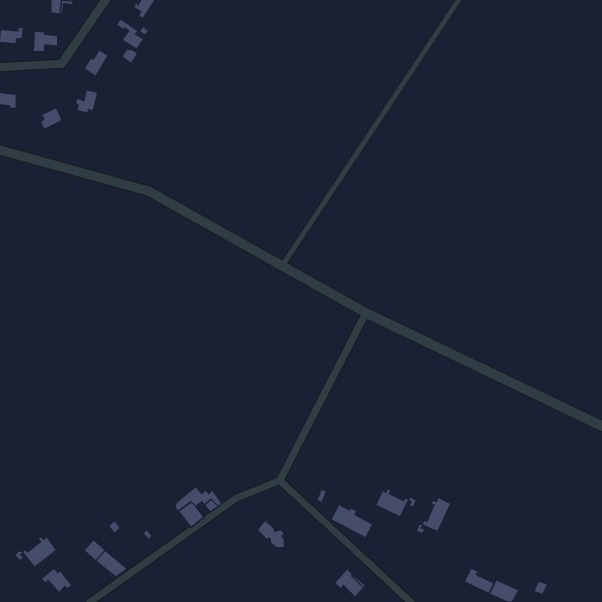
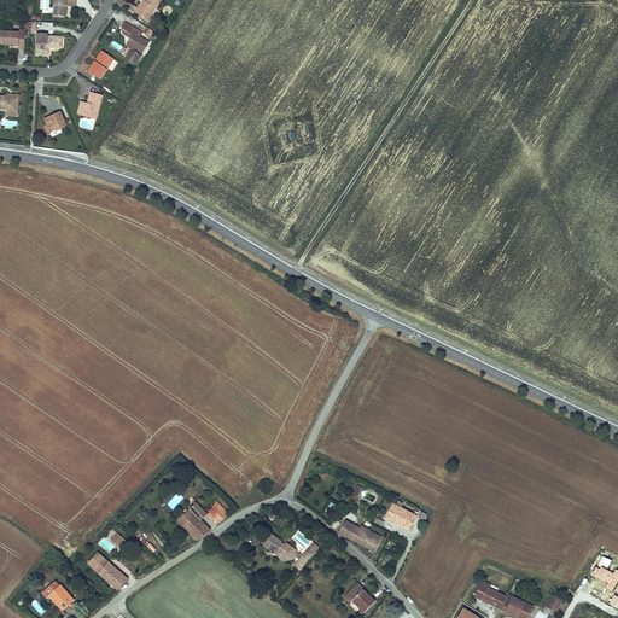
building: [416,497,451,534] -> none
building: [15,536,57,567] -> none

